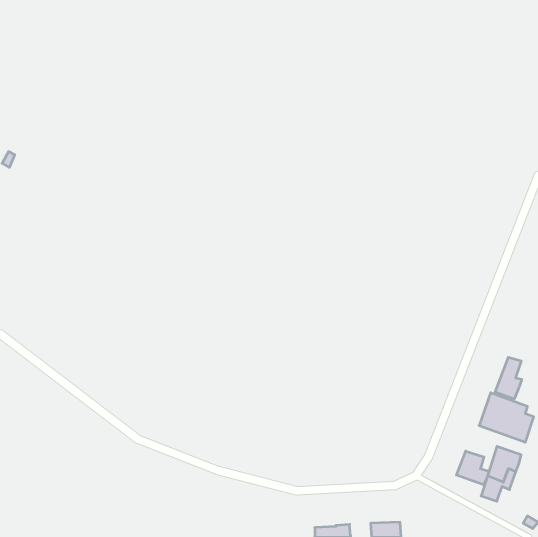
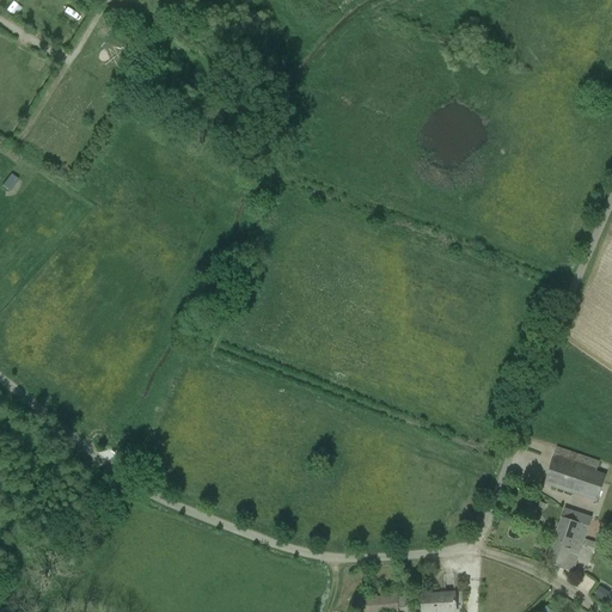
building: [495,357,522,399] -> none
building: [456,451,489,485] -> none

